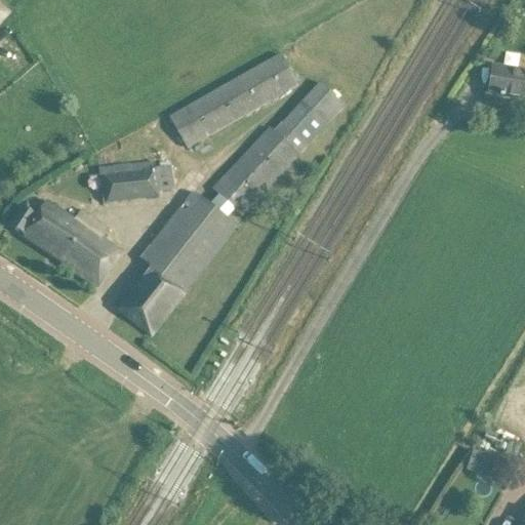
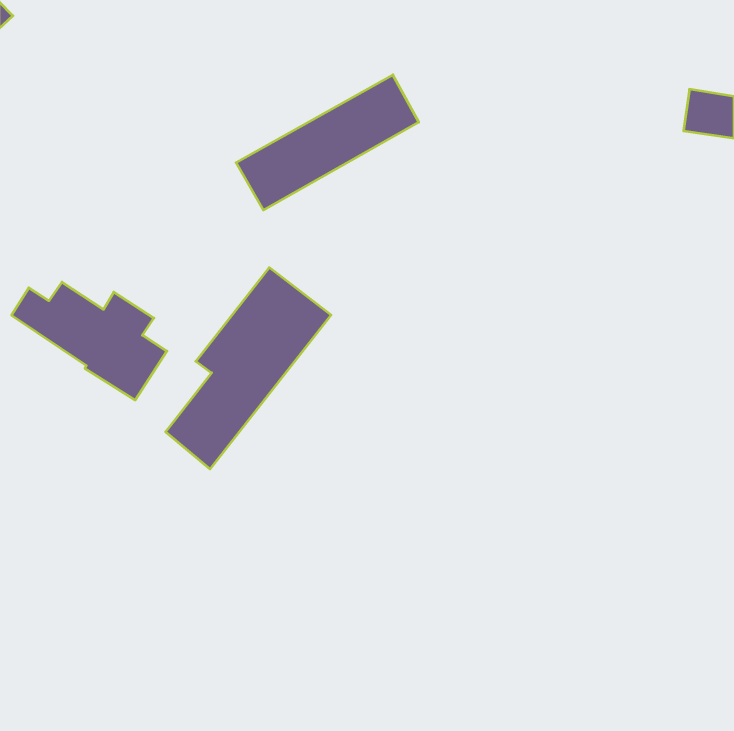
building: [211,83,342,215] -> none
building: [99,157,173,198] -> none

